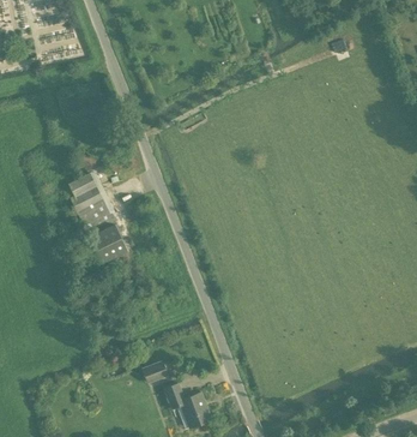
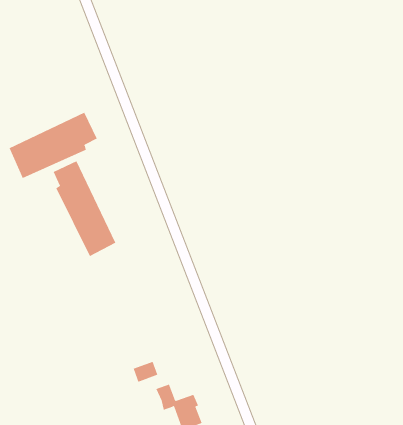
building: none -> [9,112,98,179]

